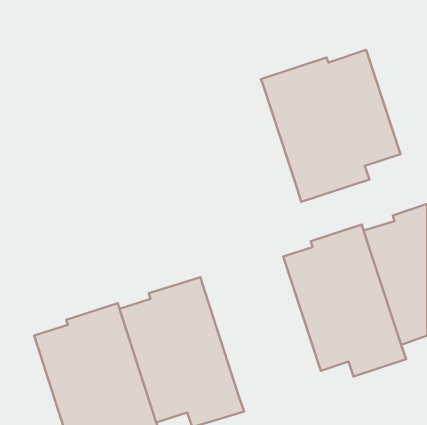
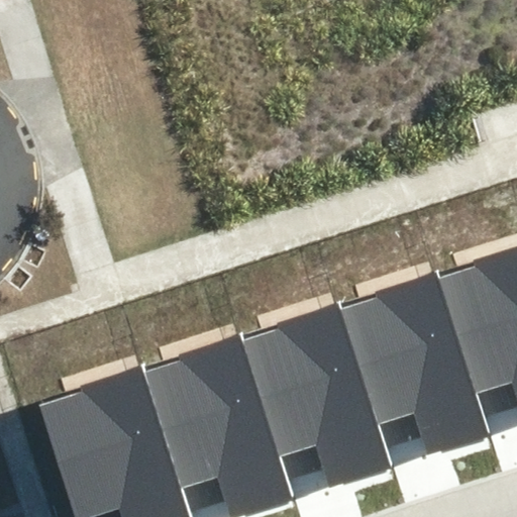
building: [261,50,401,202] -> none
building: none -> [244,305,394,489]

